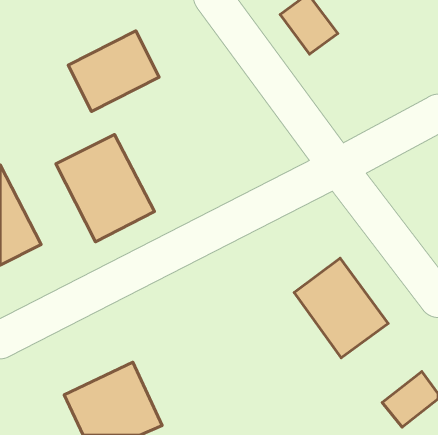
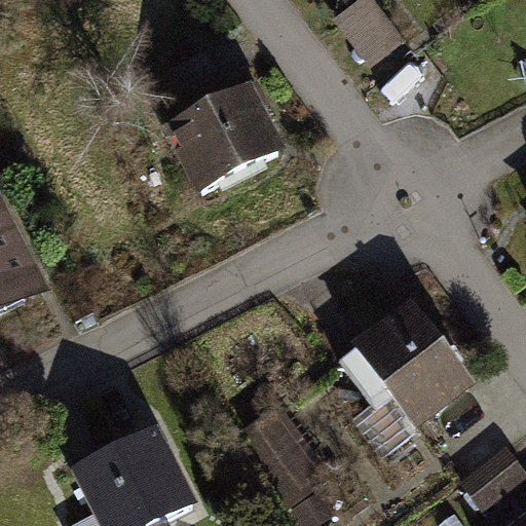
building: [68,31,159,112] -> [165,86,274,183]
building: [56,134,154,242] -> none

